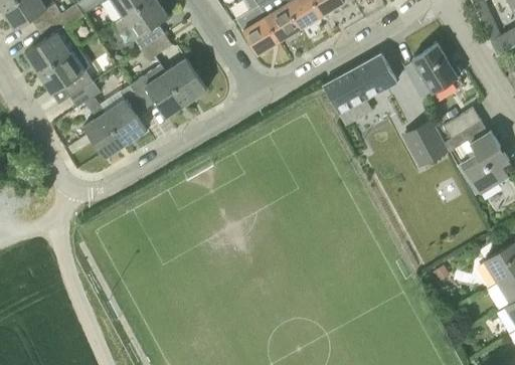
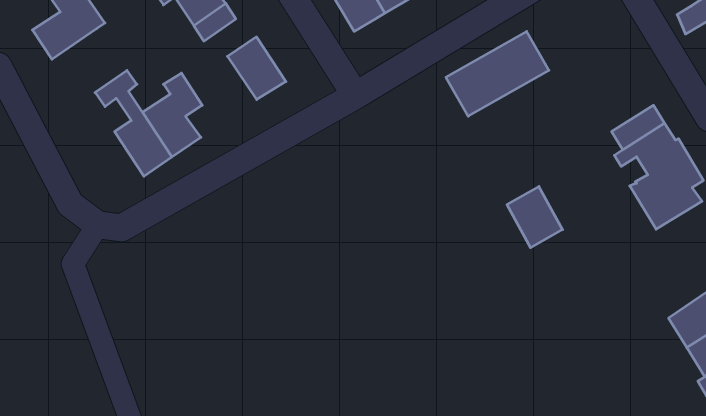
building: [411,44,458,94] -> none
building: [38,52,93,99] -> none
building: [132,65,186,118] -> none
building: [404,122,445,166] -> [507,186,563,248]

